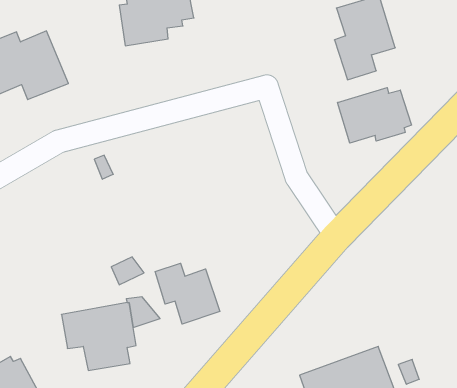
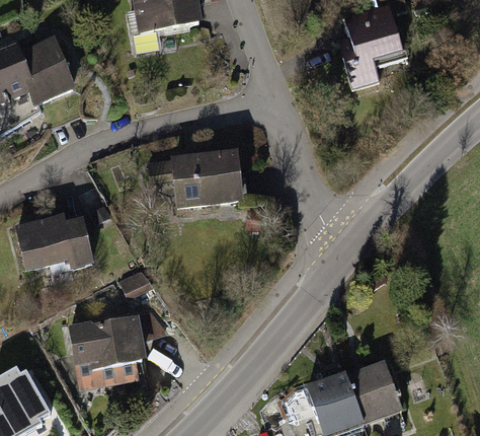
building: [338,88,411,143] -> none
building: none -> [146,151,246,208]
building: none -> [15,216,95,275]
building: [155,263,220,324] -> none

